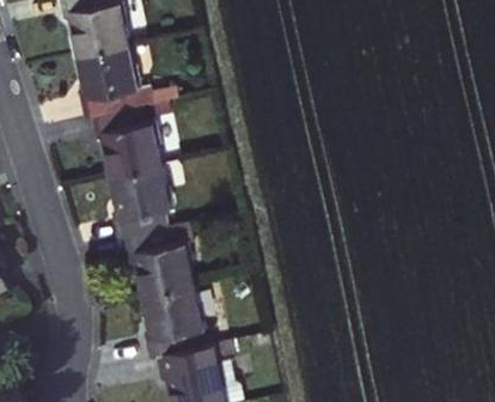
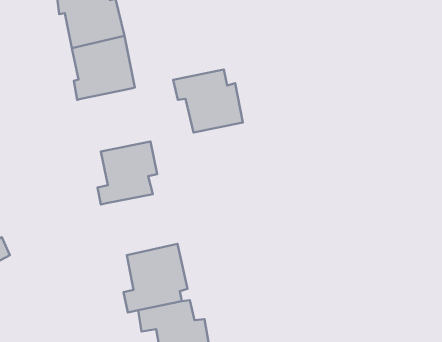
building: [88,112,163,179] -> [173,70,243,133]
building: [116,224,191,290] -> none

